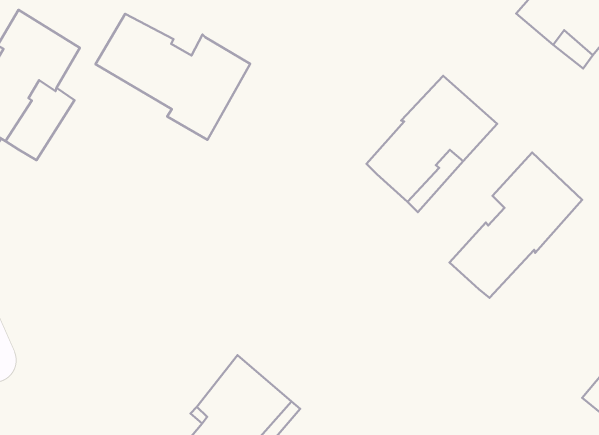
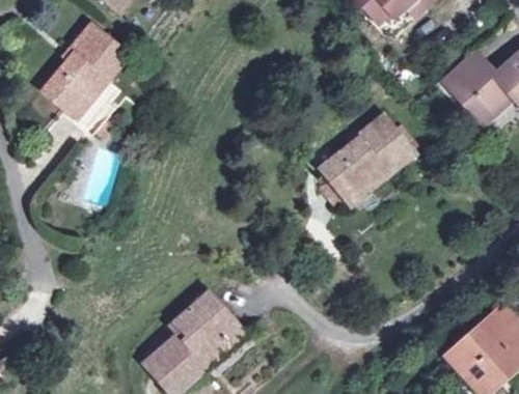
building: [95,14,250,140] -> none
building: [450,153,582,298] -> none

